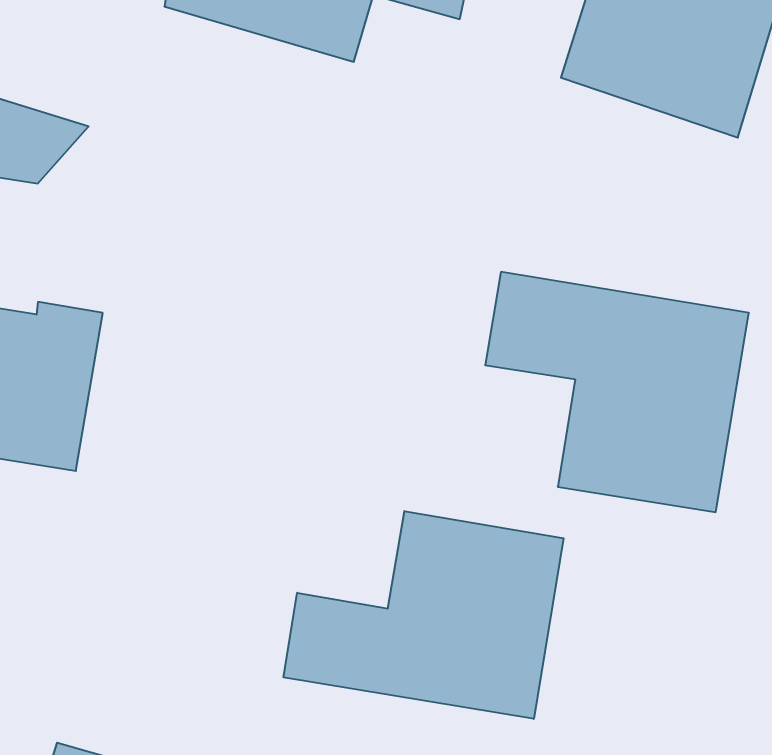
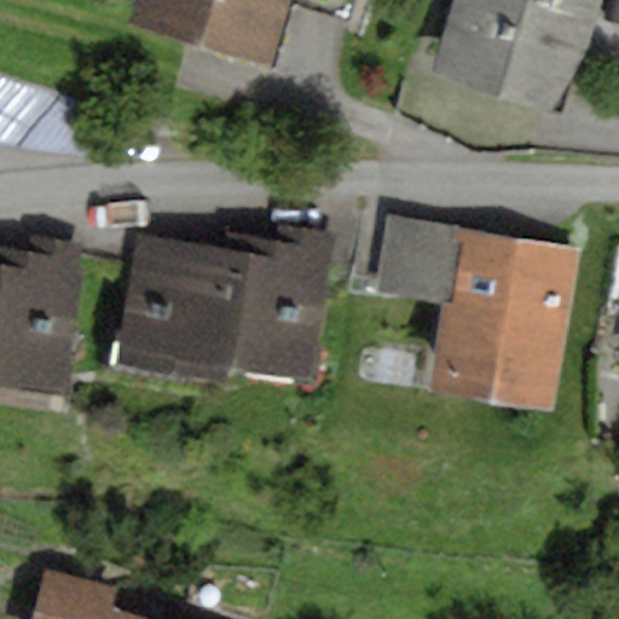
building: none -> [120,230,332,376]
building: [284,511,564,719] -> none

